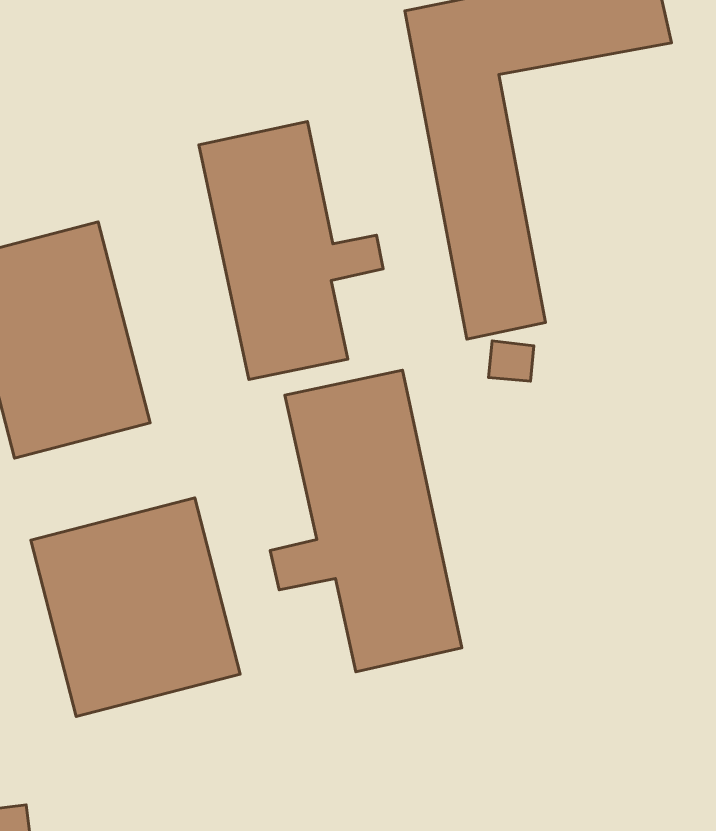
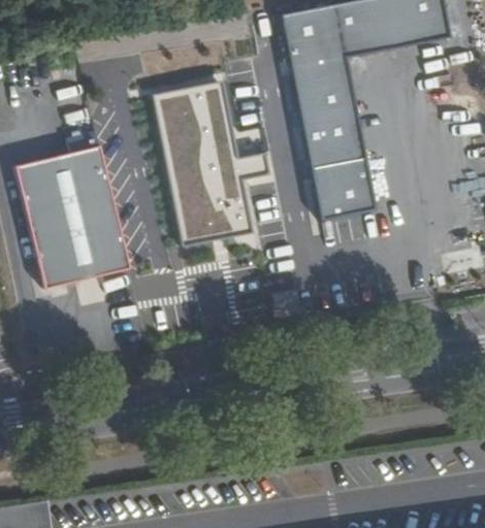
building: [270,370,462,672] -> none
building: [31,498,240,717] -> none

